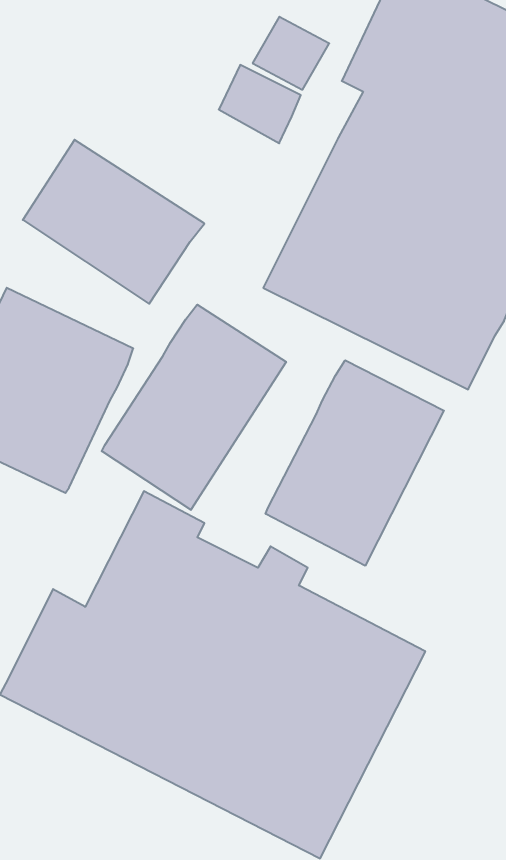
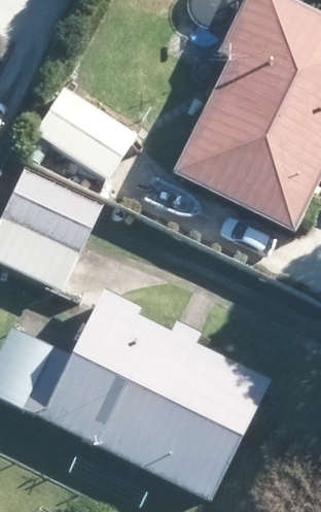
building: [102,305,286,510] -> none
building: [266,360,444,566] -> none

